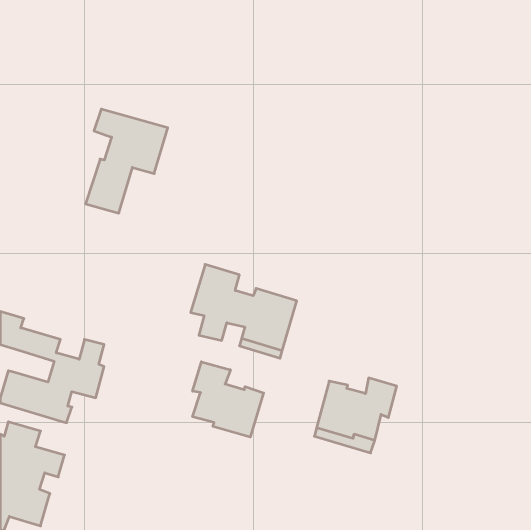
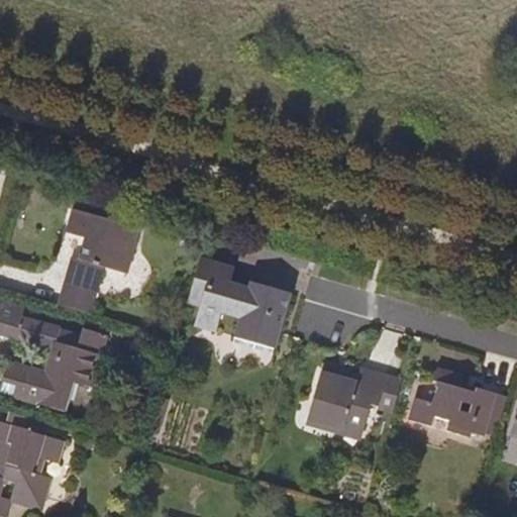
building: [86,109,168,213] -> [58,209,137,310]
building: [193,362,264,437] -> none
building: none -> [411,367,495,435]

